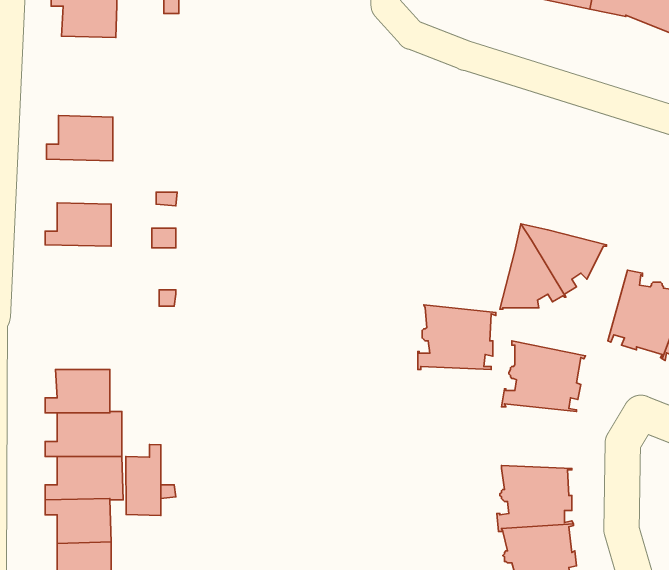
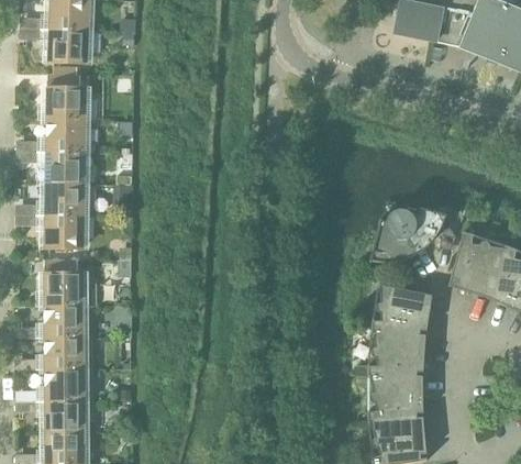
building: none -> [47,73,88,120]
building: none -> [38,151,87,184]
building: none -> [37,213,86,247]
building: [418,305,496,370] -> [369,330,426,377]
building: none -> [45,258,98,305]
building: [126,444,161,515] -> none

